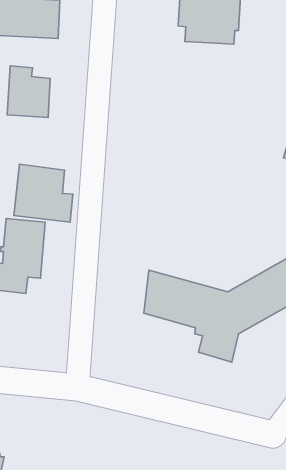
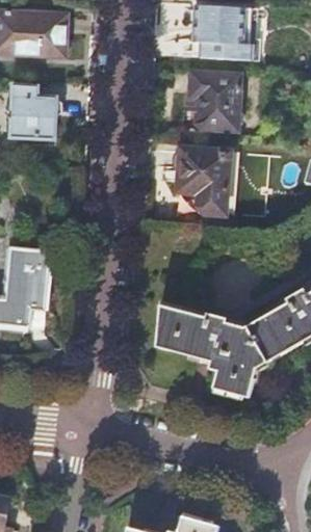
building: none -> [187,72,241,130]
building: none -> [174,149,239,215]
building: [14,164,73,222] -> none

